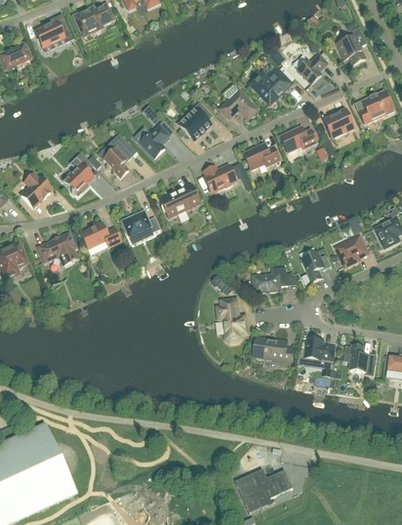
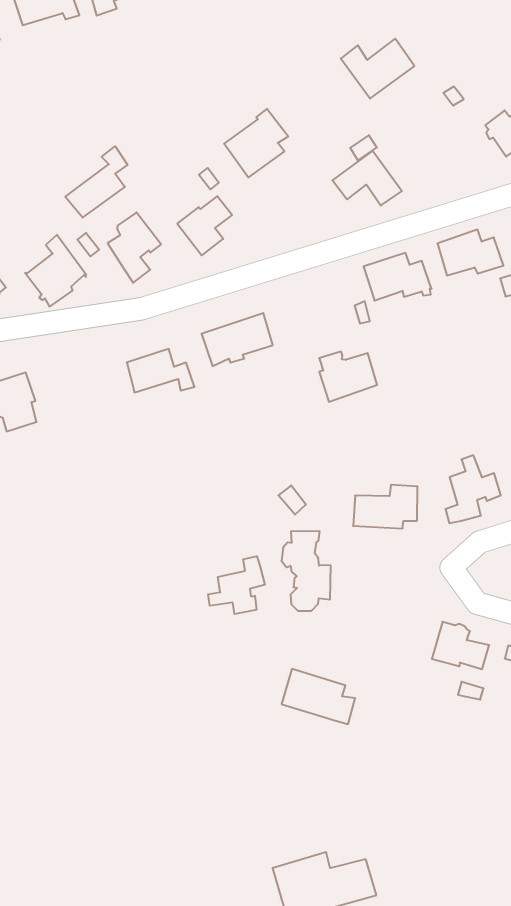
building: [250,70,290,104] -> [341,39,414,99]
building: [178,103,212,140] -> [224,109,288,177]
building: none -> [65,146,127,218]
building: [203,164,236,193] -> [319,352,377,402]
building: [81,221,121,248] -> none
building: none -> [208,556,265,614]
building: [254,336,293,362] -> [282,669,355,724]

